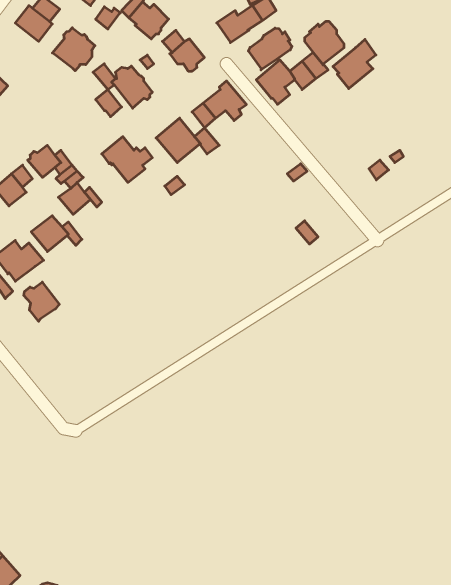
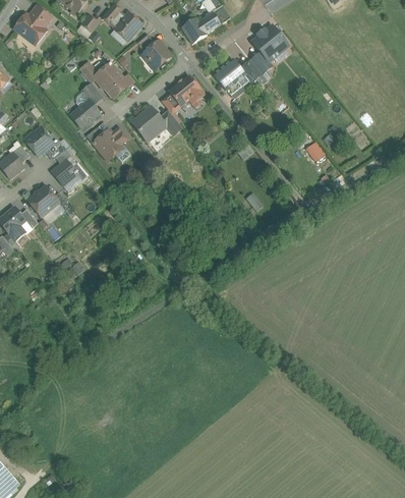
building: [52,28,95,71] -> none
building: [248,28,292,70] -> none
building: [333,39,376,89] -> none
building: none -> [70,100,100,128]
building: [24,282,59,321] -> none

